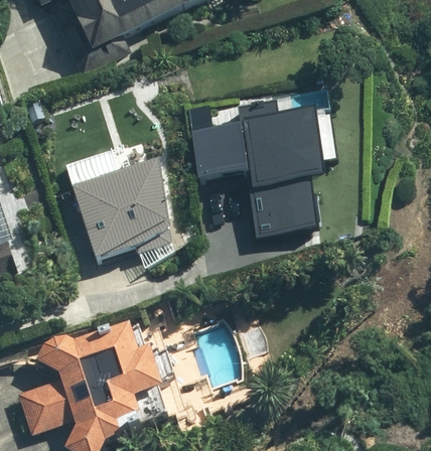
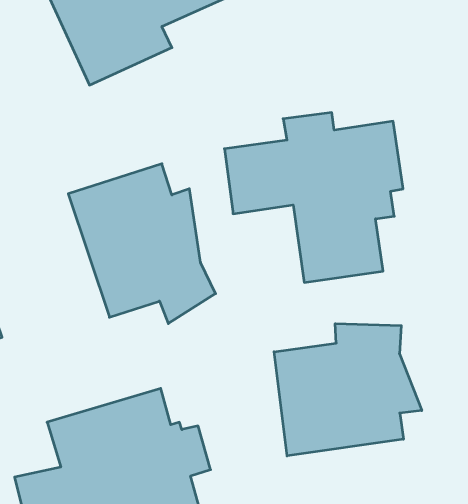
building: none -> [274,324,422,456]

